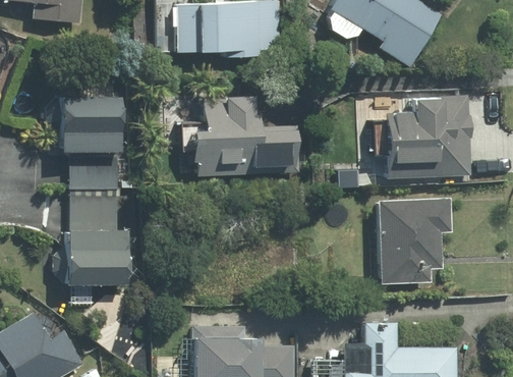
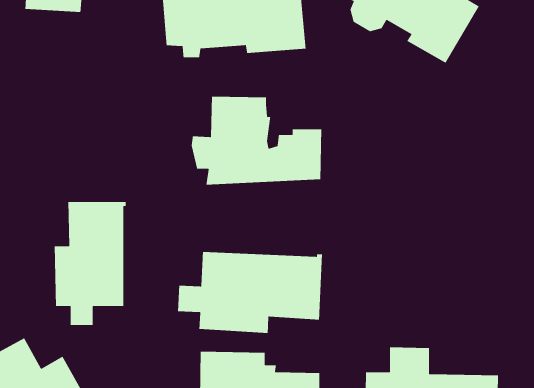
building: [375,95,474,176] -> none
building: [53,98,121,187] -> none
building: [375,199,457,284] -> none
building: none -> [177,251,323,334]

